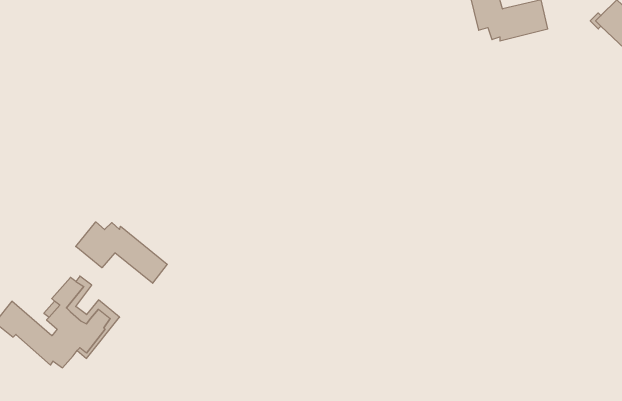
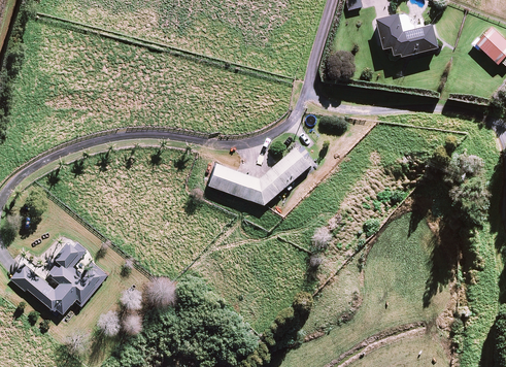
building: none -> [207,144,312,203]
building: [76,222,167,283] -> none

